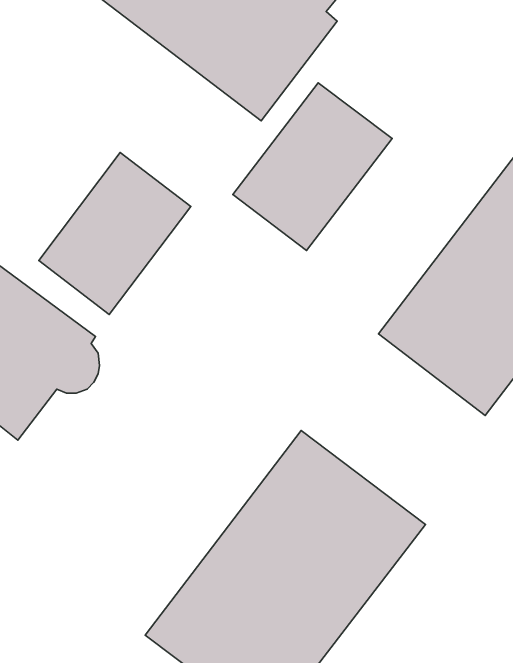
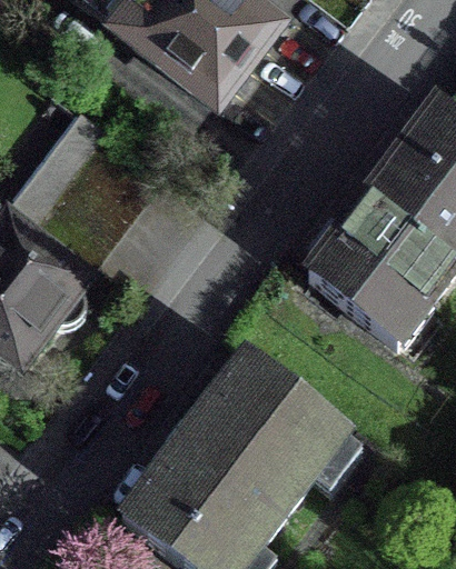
building: [233,83,392,250] -> none

